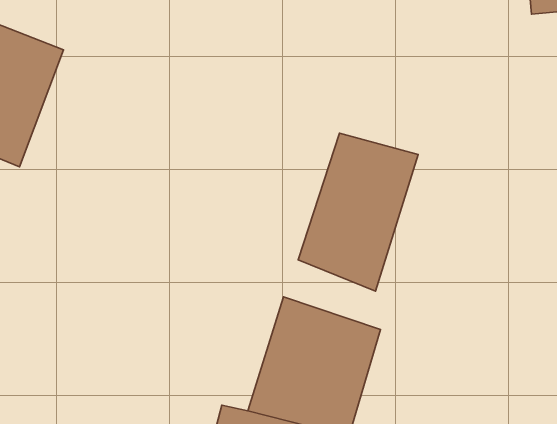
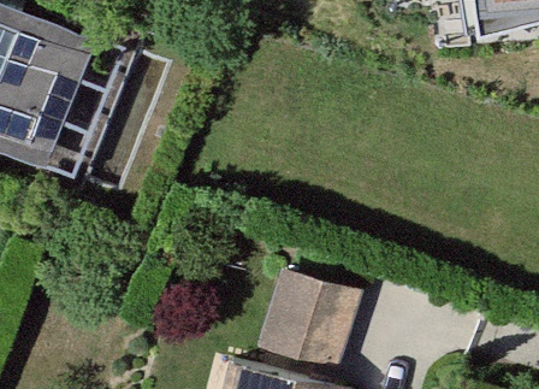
building: [298,133,418,291] -> none

